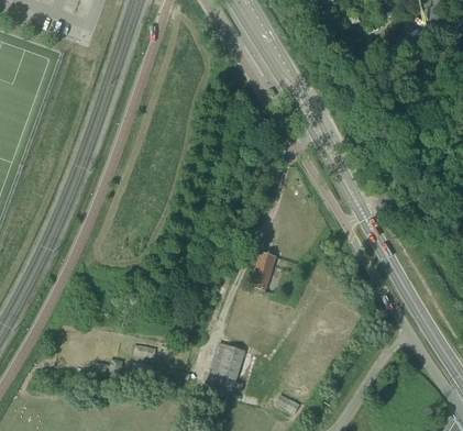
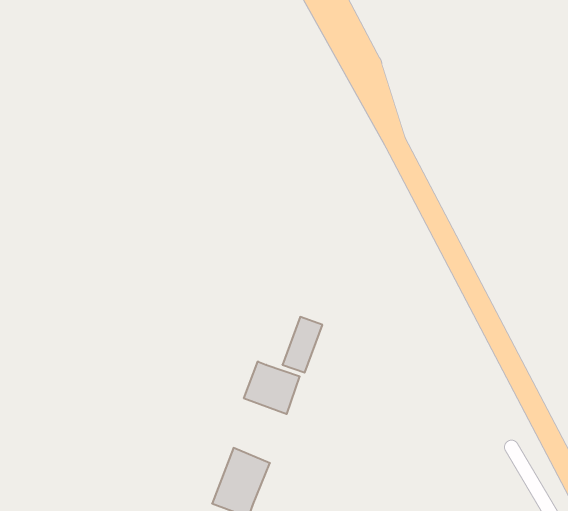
building: none -> [244,361,300,414]

